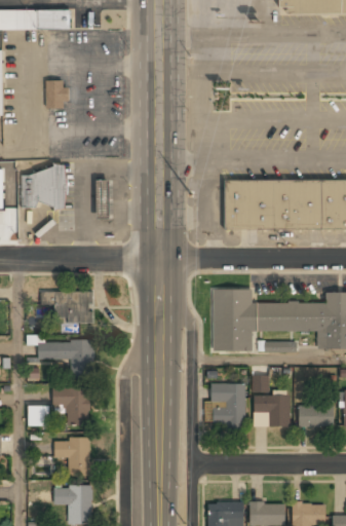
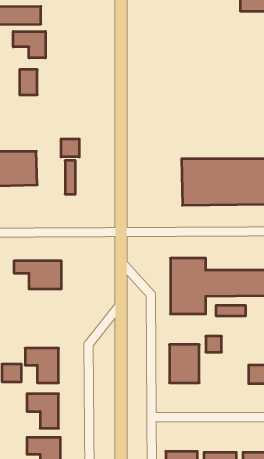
building: none -> [13,31,45,58]
building: none -> [61,139,79,157]
building: [38,342,92,373] -> none
building: [254,397,289,427] -> none

